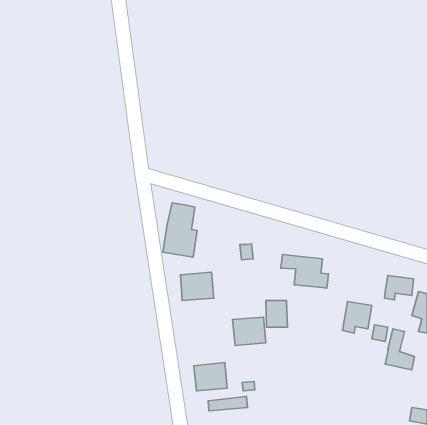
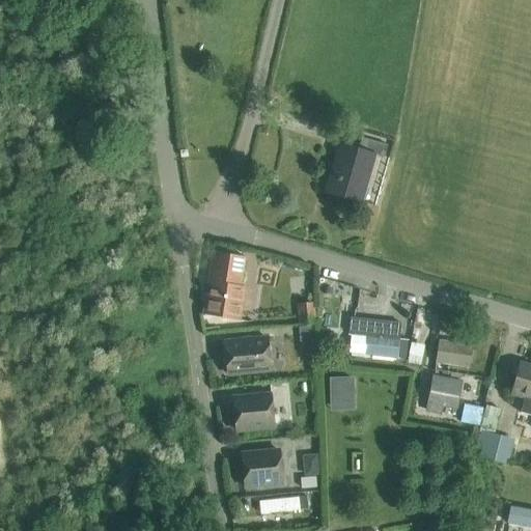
building: none -> [326,137,387,201]
building: [384,276,414,300] -> [435,341,471,371]
building: [233,317,266,345] -> [232,394,274,429]

